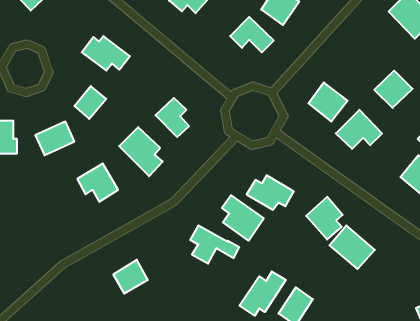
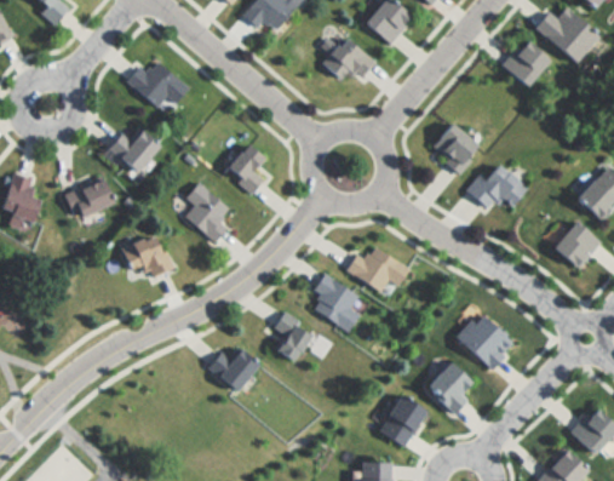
building: [374,71,413,108] -> [497,38,547,87]
building: [306,197,343,240] -> [426,360,475,417]
building: [113,260,148,294] -> [212,345,258,390]
building: [239,271,286,316] -> none

